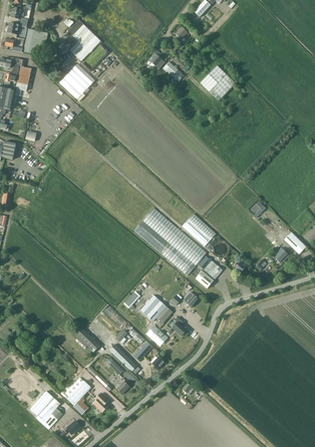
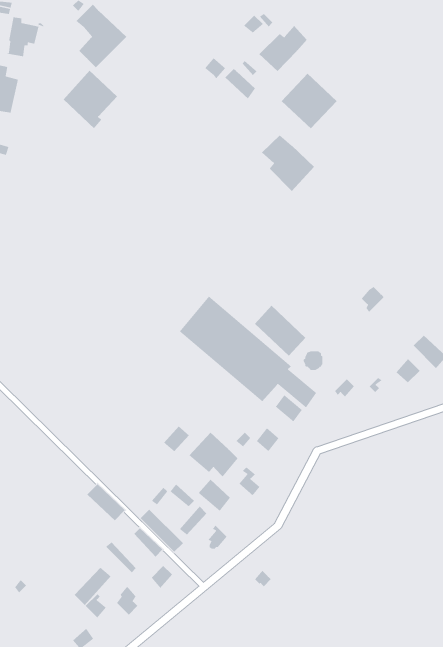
building: none -> [259,25,307,72]
building: none -> [261,134,315,192]
building: [29,391,62,427] -> none

